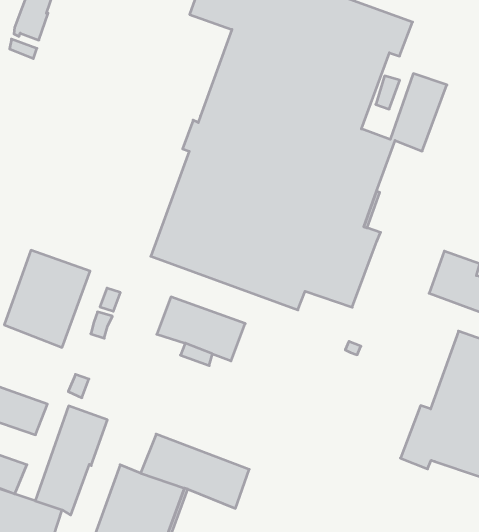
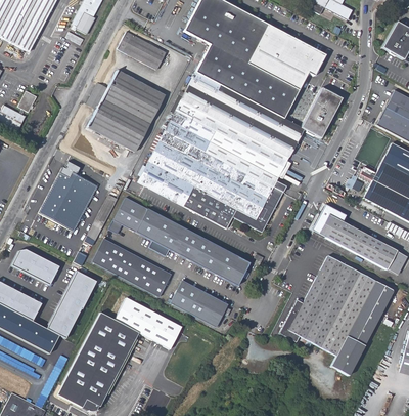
building: none -> [117,32,166,70]
building: none -> [86,70,165,152]
building: none -> [108,197,147,233]
building: none -> [180,233,249,285]
building: none -> [91,239,171,297]
building: none -> [170,281,231,327]

